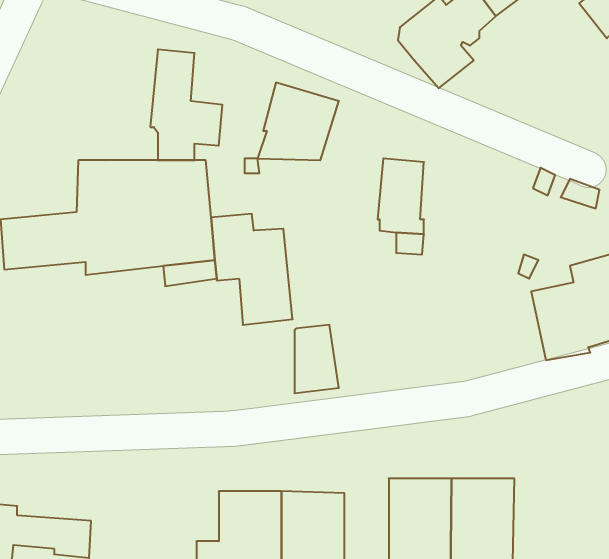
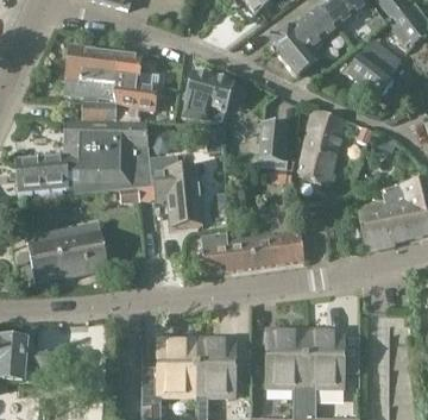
building: none -> [350,37,402,96]
building: none -> [67,44,118,120]
building: none -> [300,109,344,183]
building: none -> [30,222,108,280]
building: none -> [231,227,306,268]

